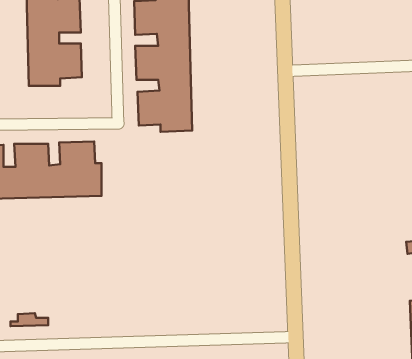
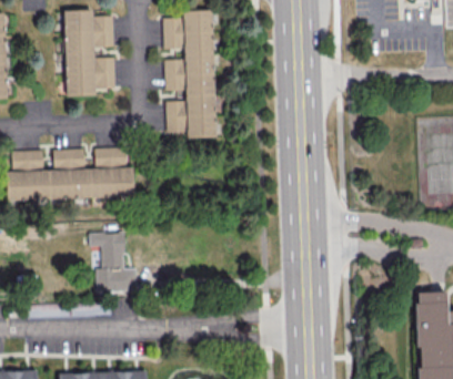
building: none -> [89,232,138,291]

